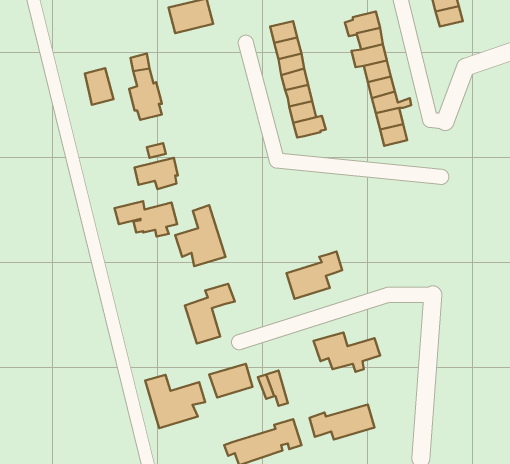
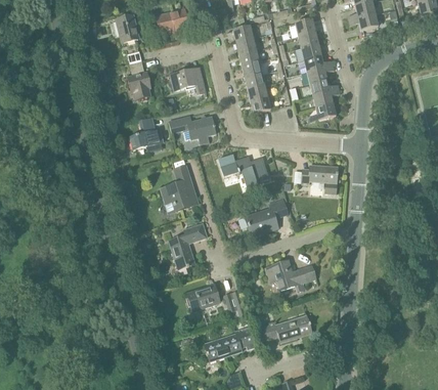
building: [85,68,113,105] -> [118,13,139,41]
building: none -> [171,66,207,93]
building: none -> [219,153,269,186]
building: [115,201,177,236] -> [170,115,217,141]
building: none -> [303,164,339,192]
building: [145,375,205,428] -> none

